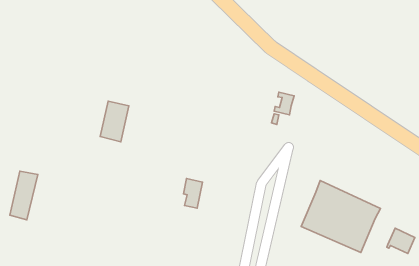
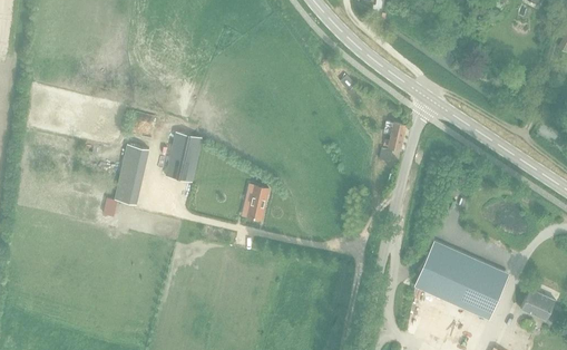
building: [10,171,38,220] -> [114,146,148,206]
building: [184,179,203,208] -> [244,185,267,222]

